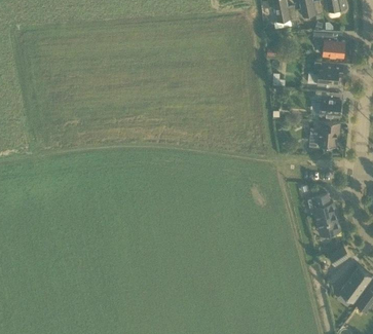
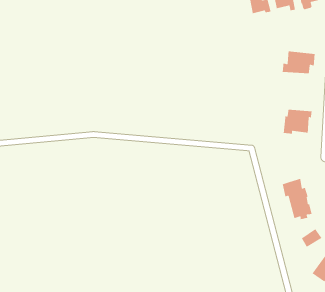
building: [313,31,344,58] -> none
building: [315,91,341,116] -> none

